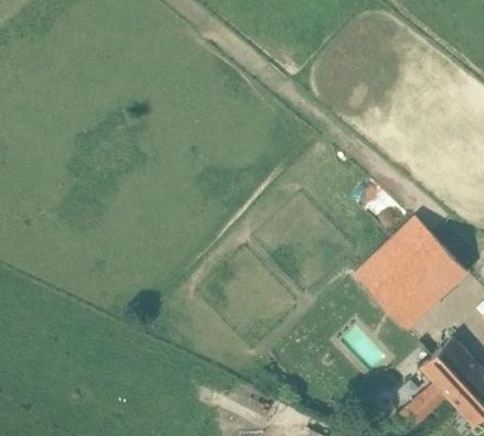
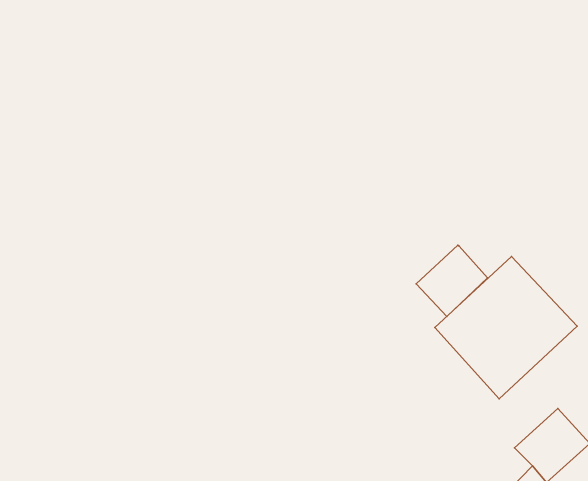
building: none -> [416,245,487,316]

